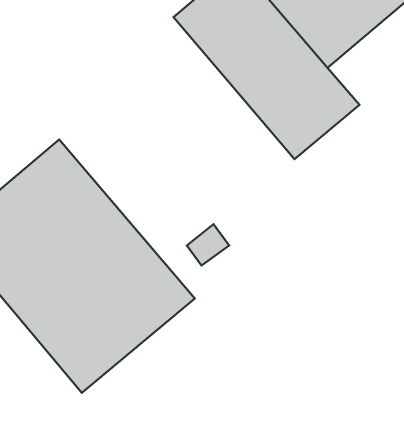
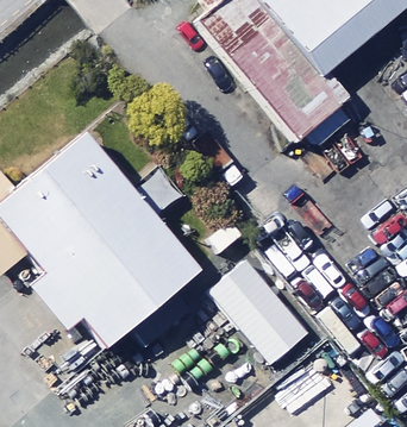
building: none -> [204,250,302,354]

